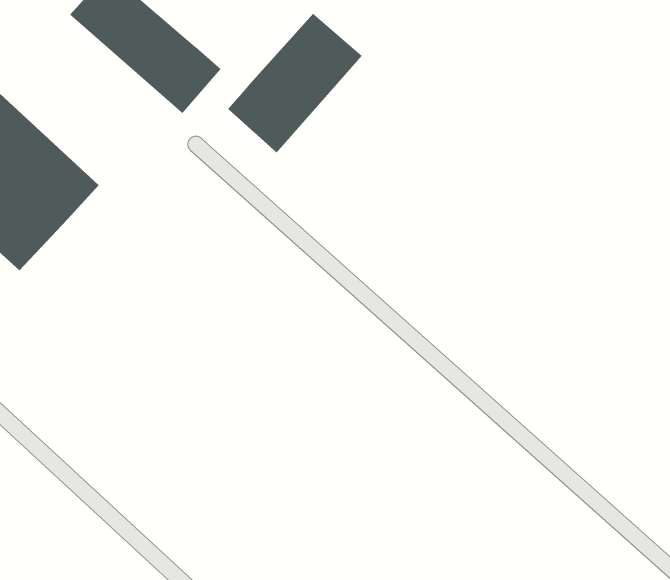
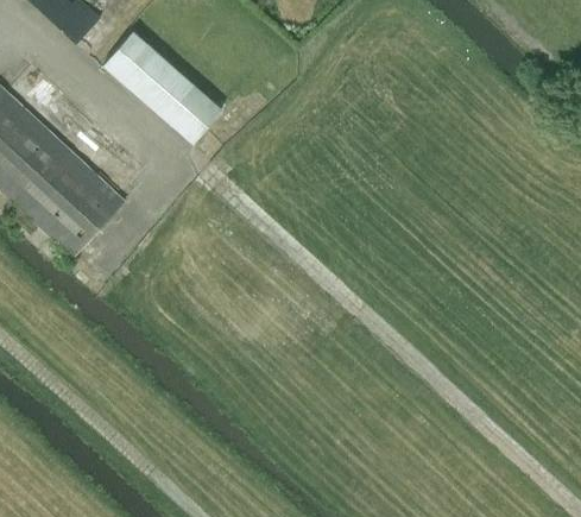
building: [227,13,363,153] -> none

